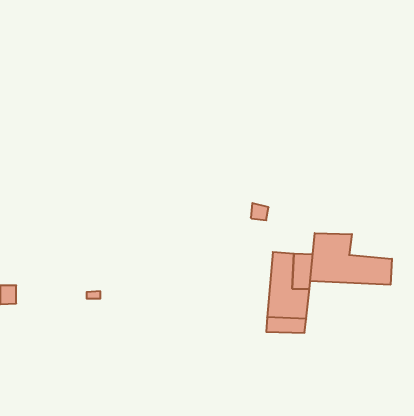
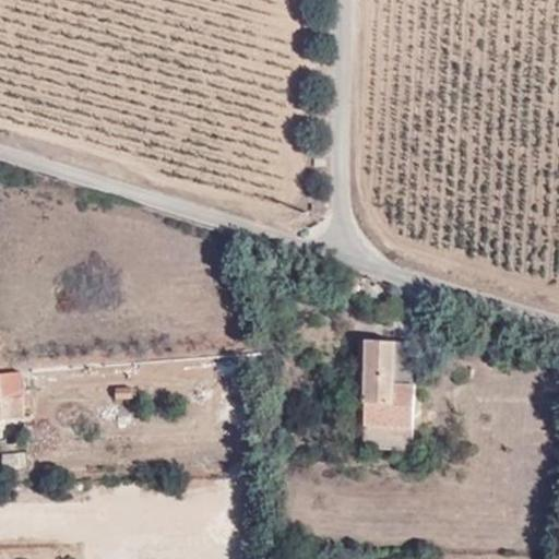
building: [310,233,392,285] -> none

